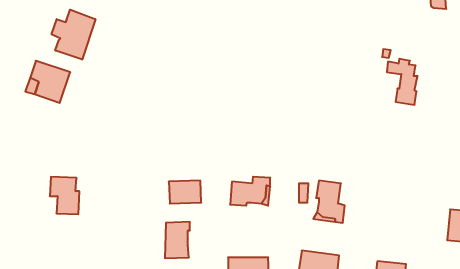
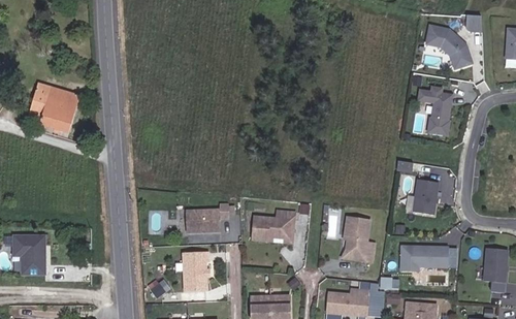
building: none -> [429,25,474,66]
building: [52,10,95,60] -> none
building: none -> [414,177,440,213]
building: [50,177,79,214] -> [12,237,44,278]
building: none -> [401,243,449,268]

